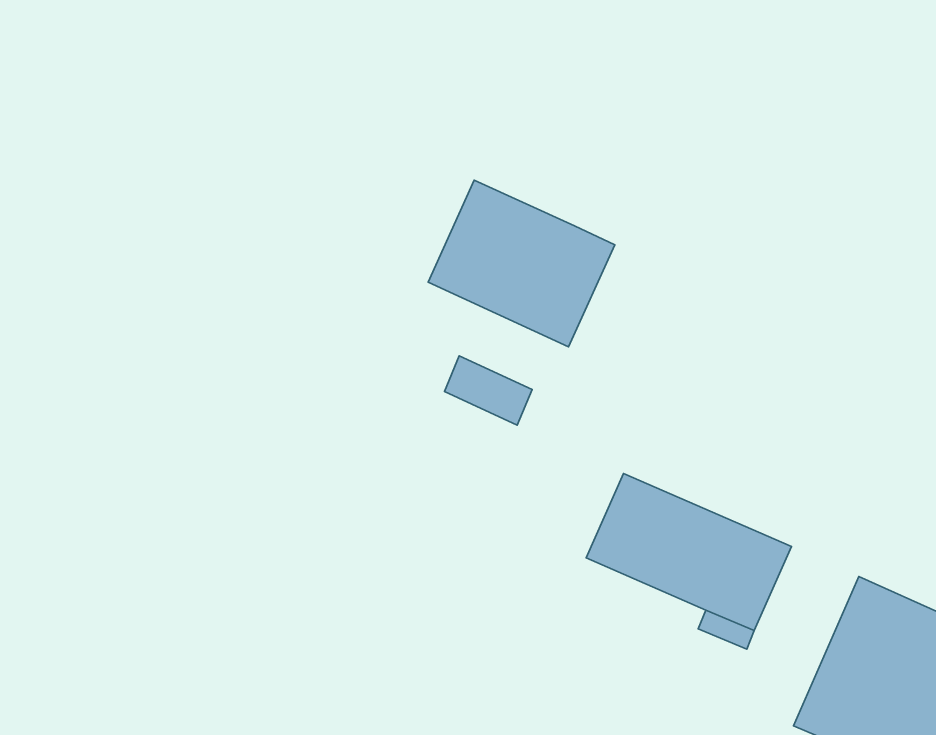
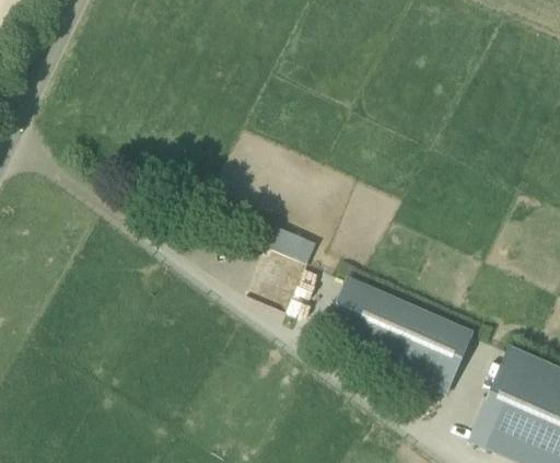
building: [428,180,615,347] -> none
building: none -> [326,278,372,338]

